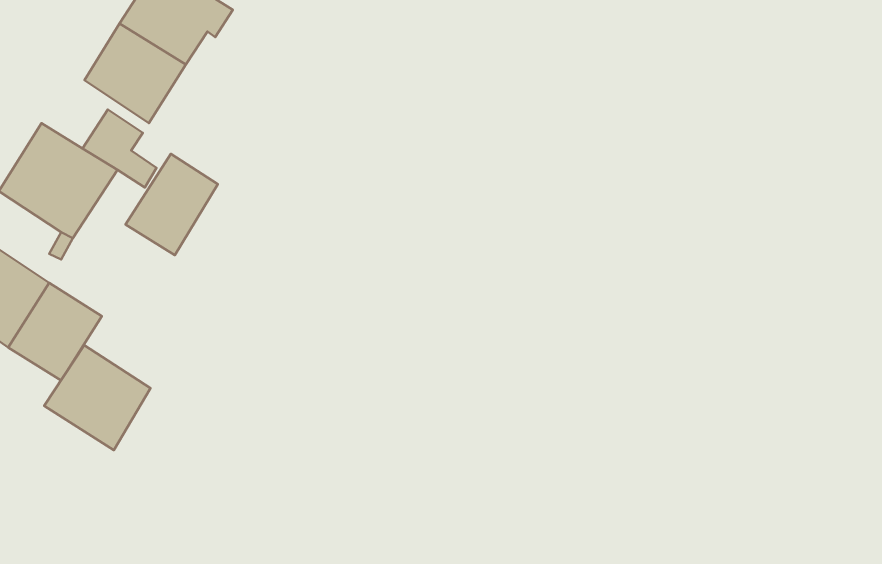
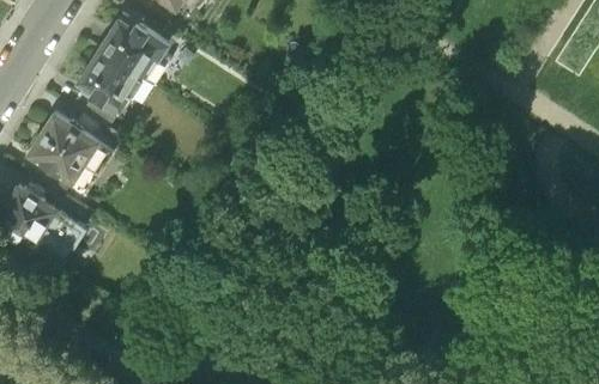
building: [126,154,218,255] -> none
building: [44,345,151,450] -> none

